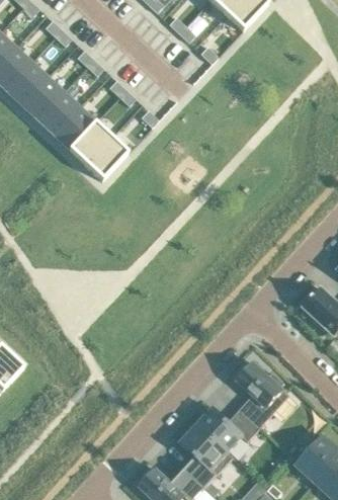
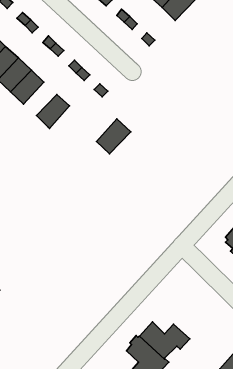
building: [52,107,93,149] -> none
building: [84,137,126,180] -> [97,119,131,154]
building: [236,361,289,427] -> none

